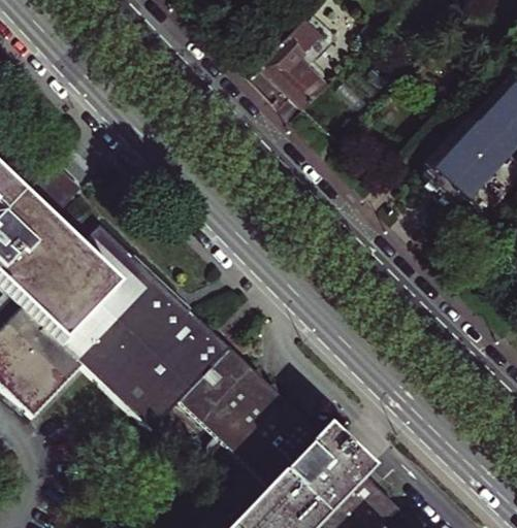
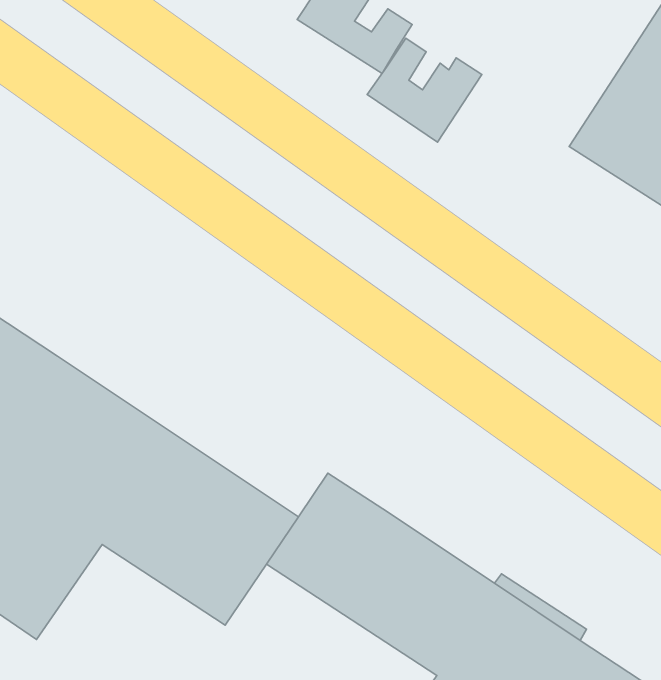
building: none -> [367,38,482,142]
building: [76,224,230,371] -> none

